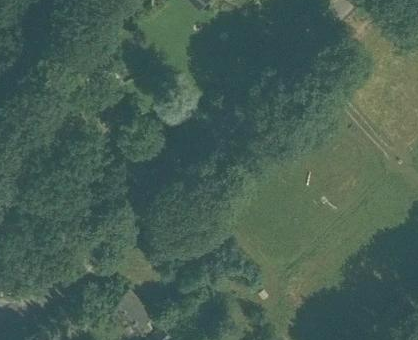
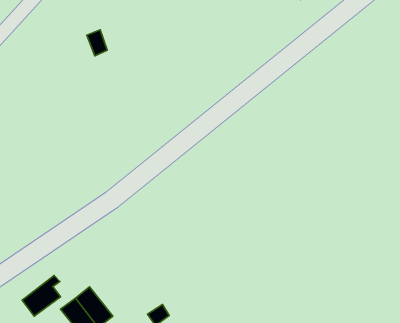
building: none -> [22,275,60,316]

